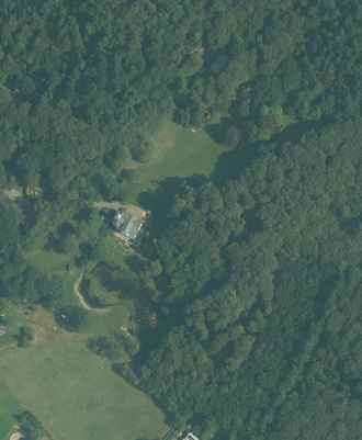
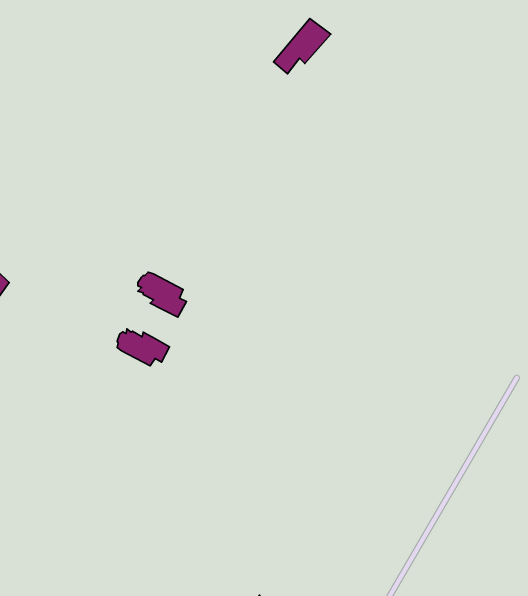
building: none -> [117,329,169,366]

